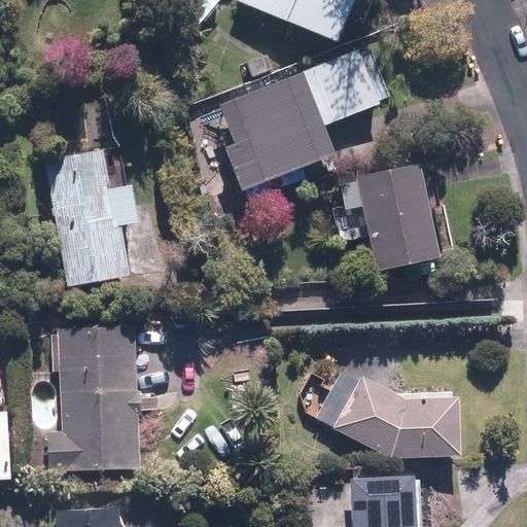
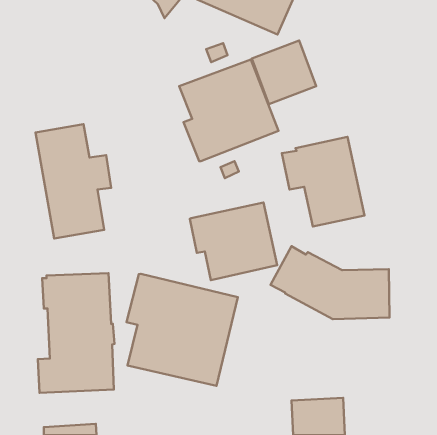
building: none -> [190,203,277,280]
building: none -> [127,274,238,386]
building: [318,370,460,457] -> [271,246,390,319]

